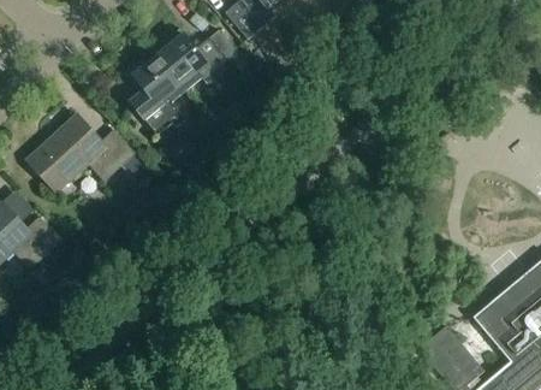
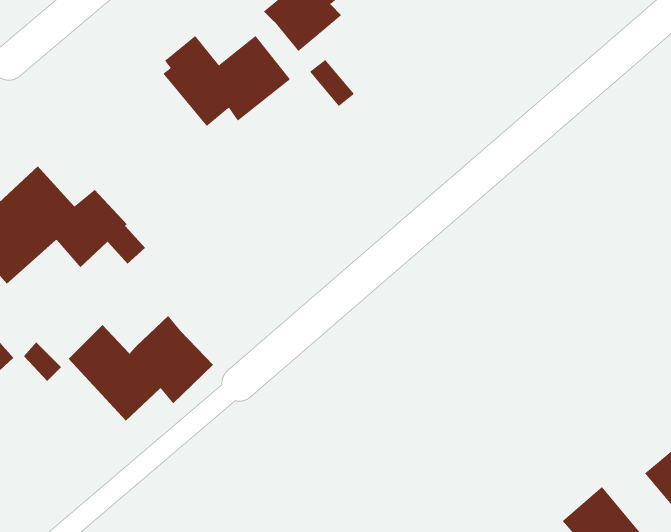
building: [125,54,186,134] -> none
building: none -> [68,315,214,421]

